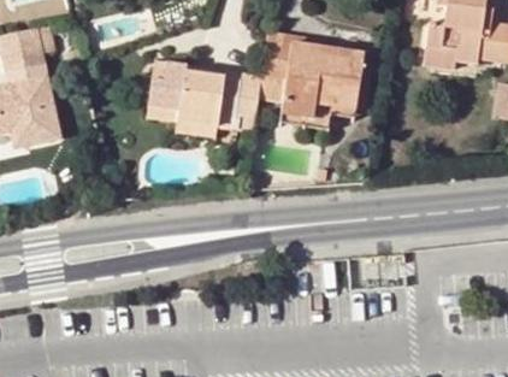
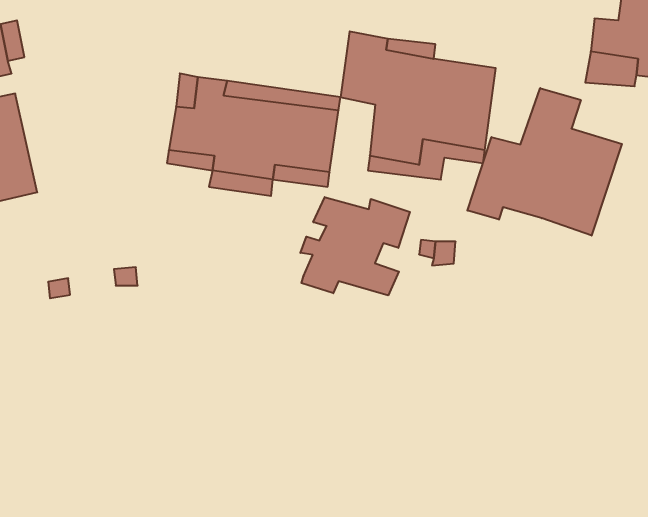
building: none -> [467,88,622,236]
building: none -> [300,197,410,295]

